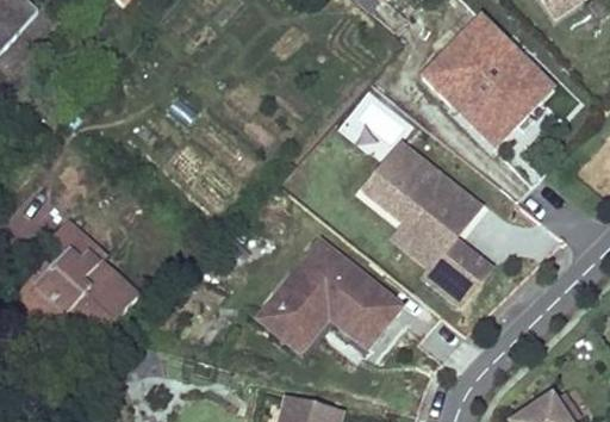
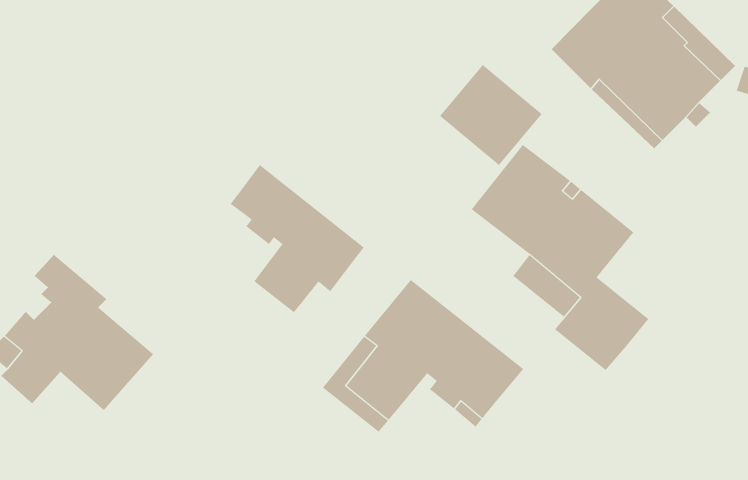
building: none -> [230,164,365,313]

